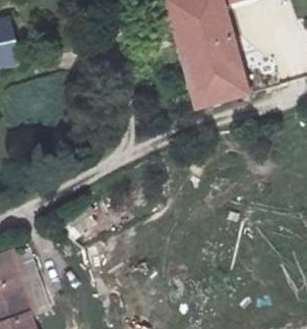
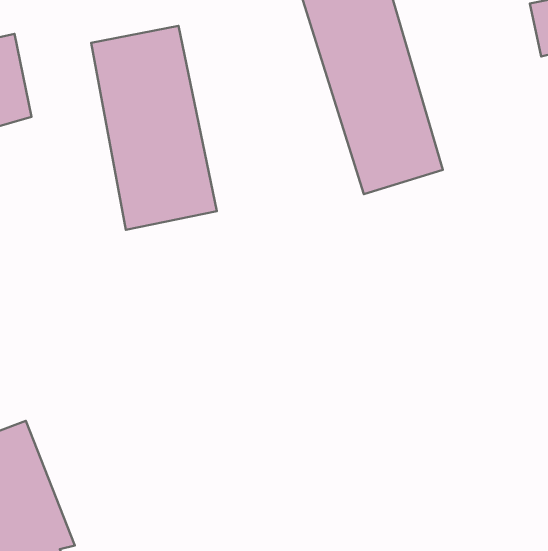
building: none -> [91,26,217,230]

